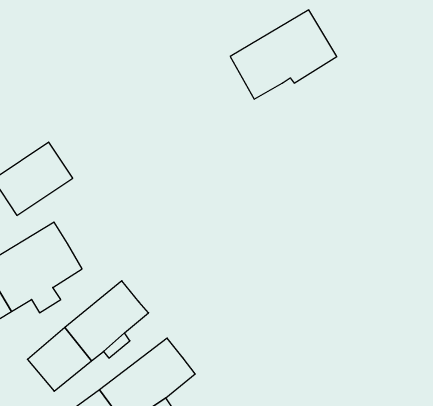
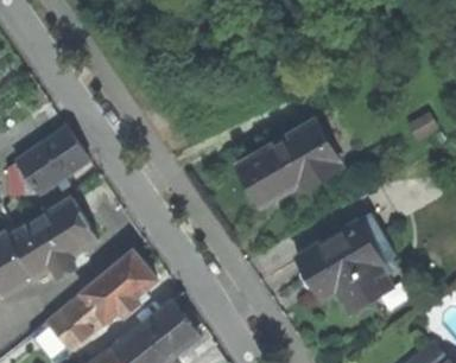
building: [230,10,337,99] -> [243,122,338,202]
building: none -> [296,221,390,311]

